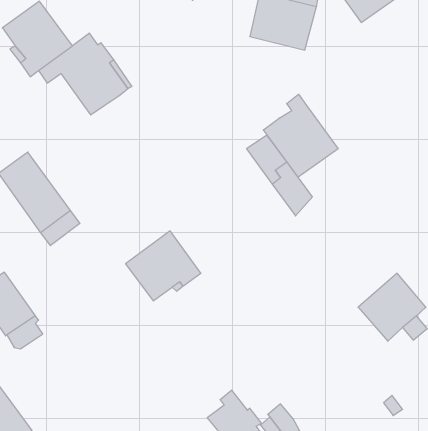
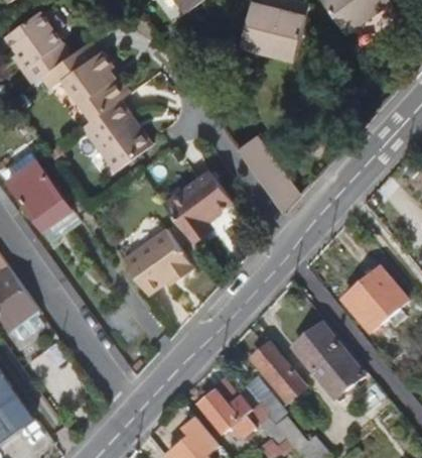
building: [263,94,338,177] -> none
building: none -> [80,99,149,170]
building: none -> [162,170,230,237]
building: none -> [293,326,366,404]
building: none -> [252,346,304,403]

